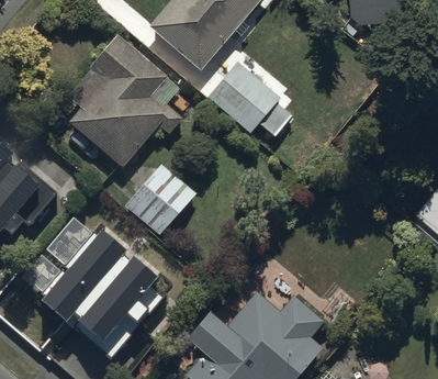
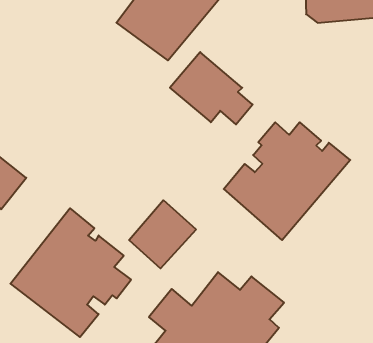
building: [69,33,183,165] -> none
building: none -> [224,122,350,240]
building: [125,164,195,235] -> [129,200,196,268]

